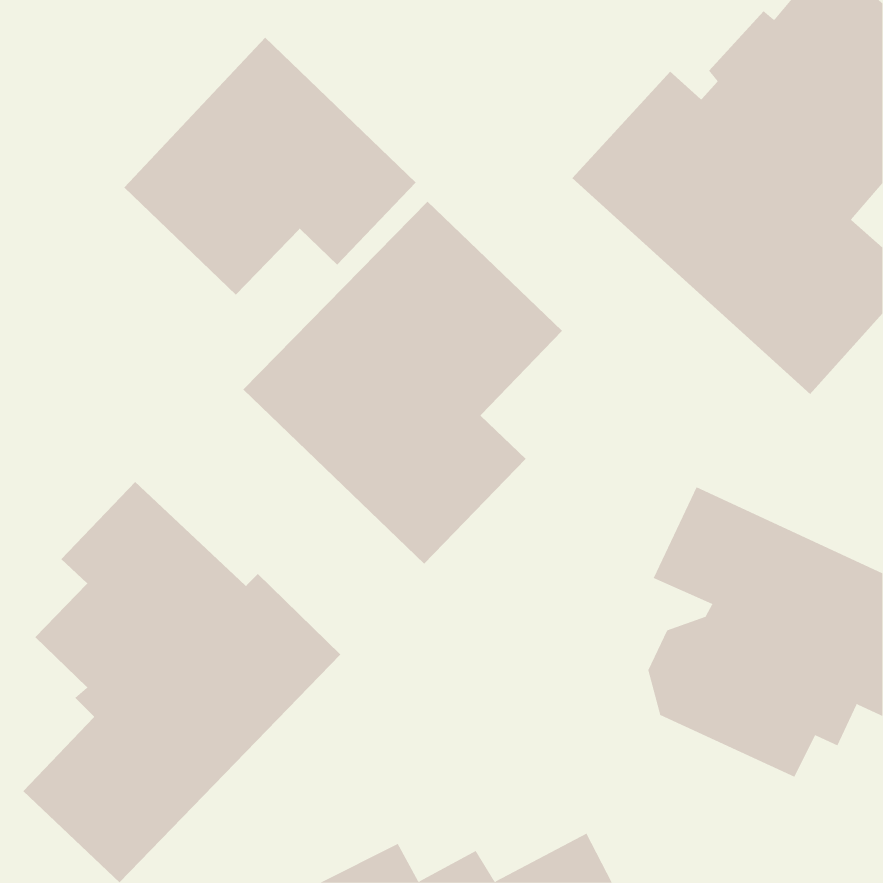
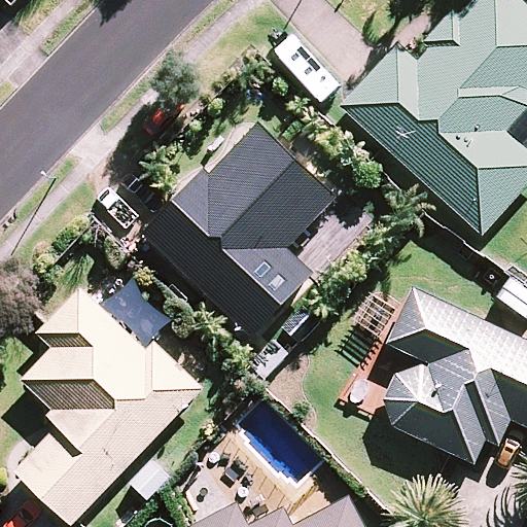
building: [124,37,416,296] -> none

